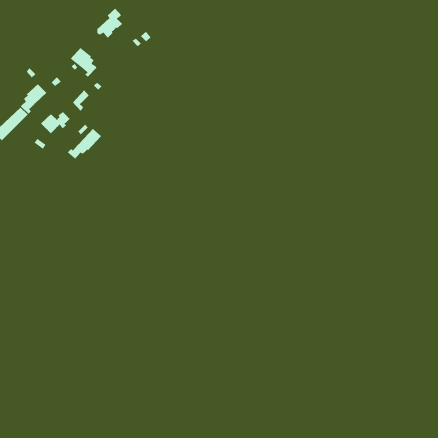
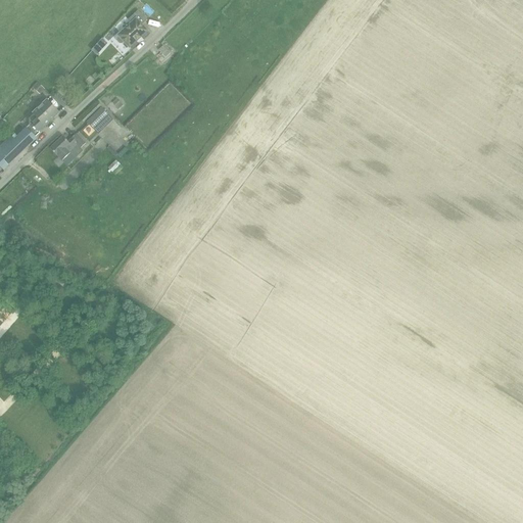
building: [70,47,98,77] -> none
building: [67,128,102,160] -> none

